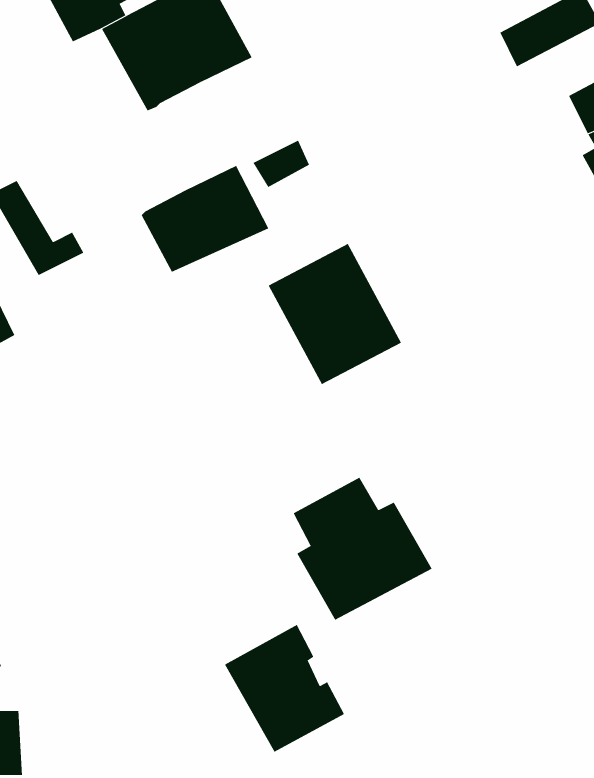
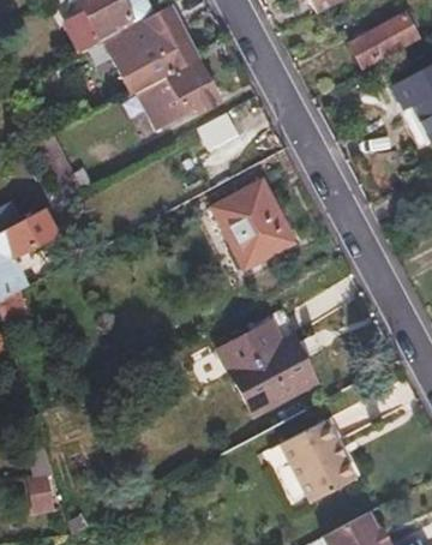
building: [141,165,269,272] -> [139,60,220,127]
building: [224,624,345,753] -> [280,421,355,502]

